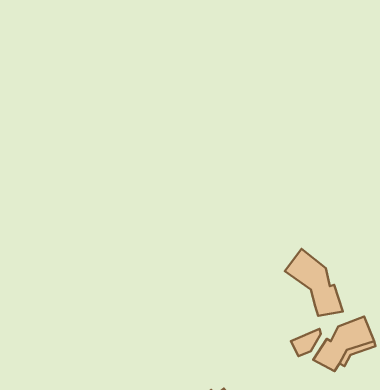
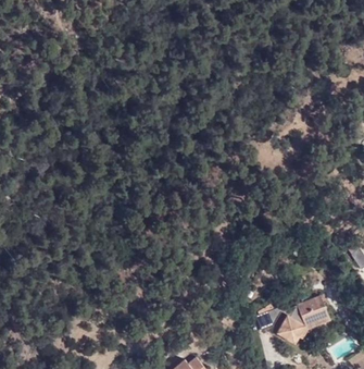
building: [285,249,343,316] -> none

